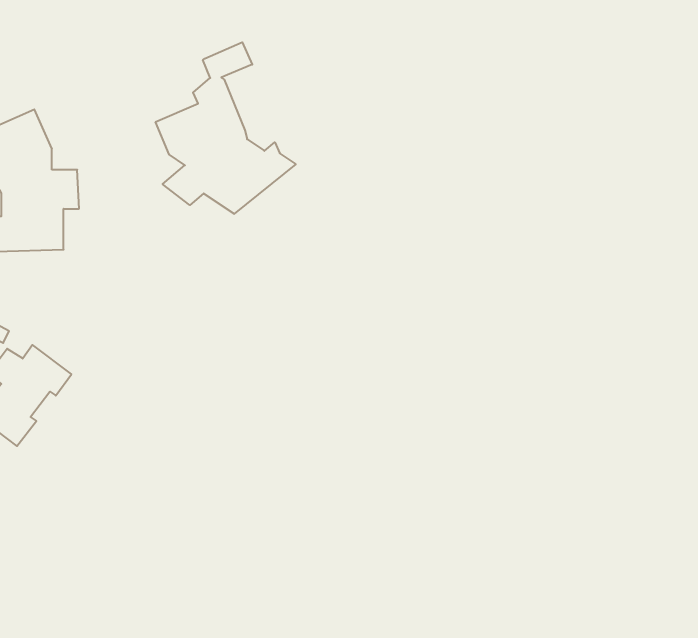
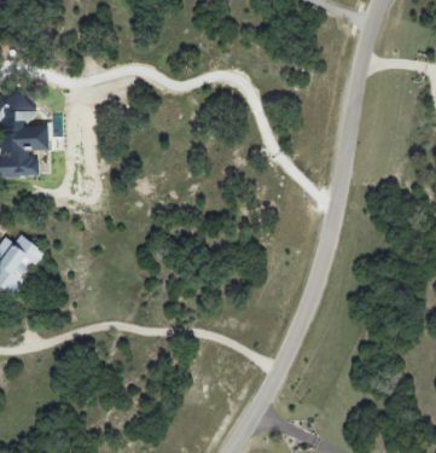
building: [156,42,296,214] -> none

